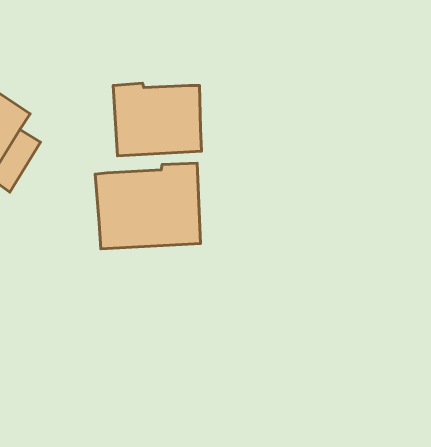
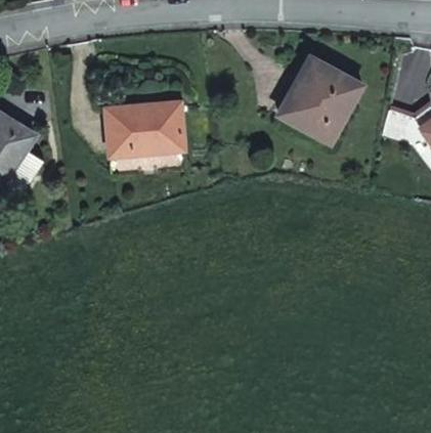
building: none -> [276,58,358,140]
building: [95,163,201,249] -> none

